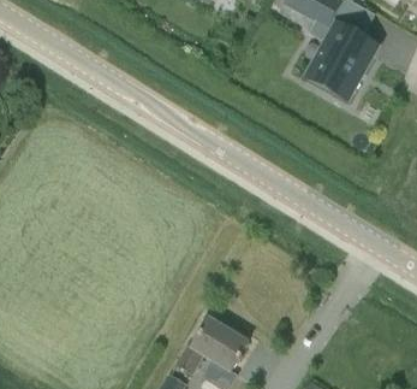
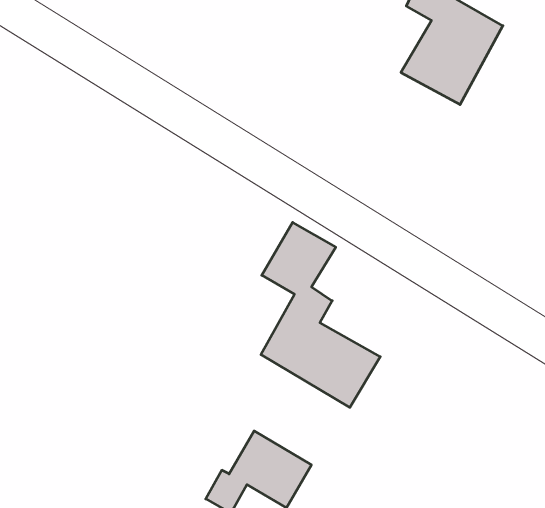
building: none -> [261,222,380,407]

